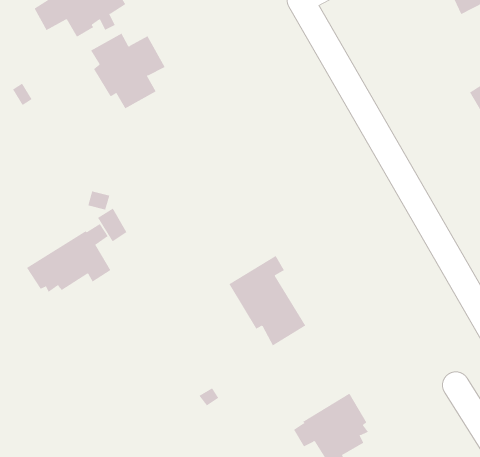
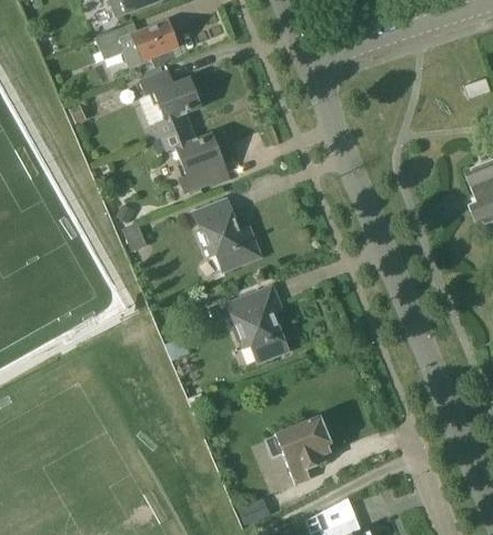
building: none -> [162,125,224,193]
building: none -> [194,199,263,271]
building: [26,223,111,293] -> none

